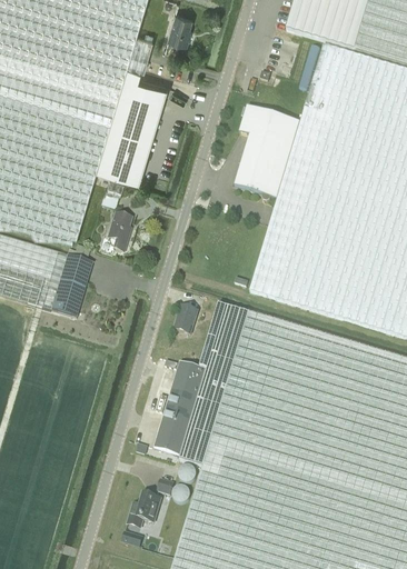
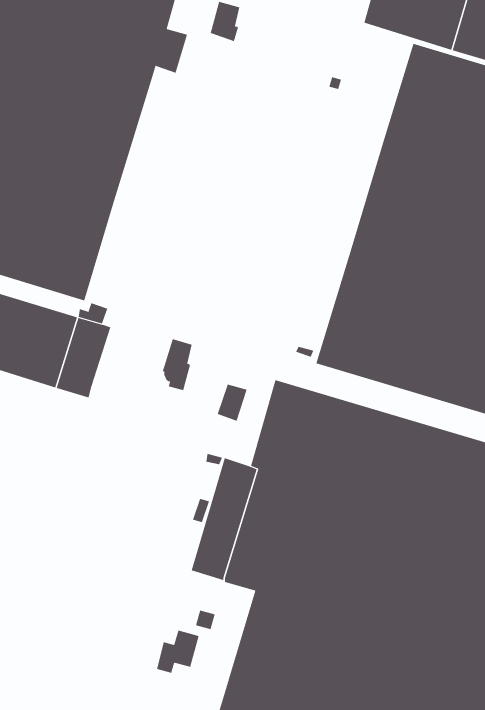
building: [95,73,166,180] -> none
building: [235,106,300,202] -> none
building: [108,212,131,252] -> [162,339,192,391]

